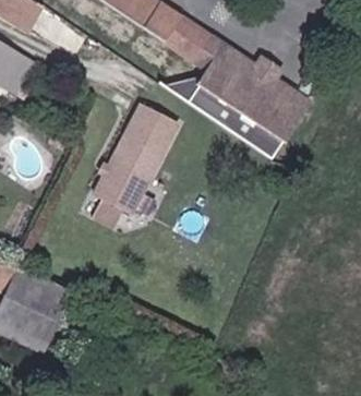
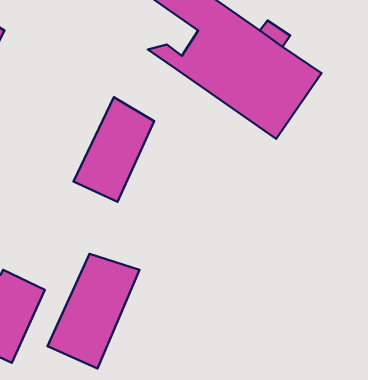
building: [132,104,178,144] -> none
building: none -> [48,254,140,369]

